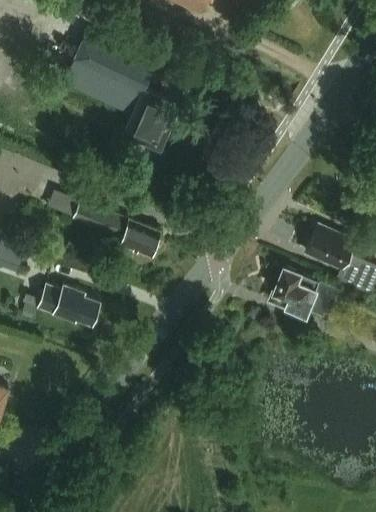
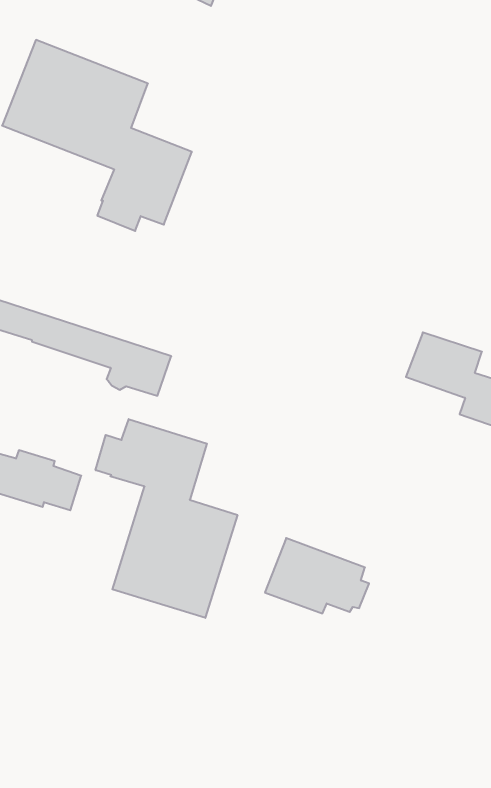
building: [268,268,333,316] -> [265,538,369,613]
building: none -> [96,419,237,618]

